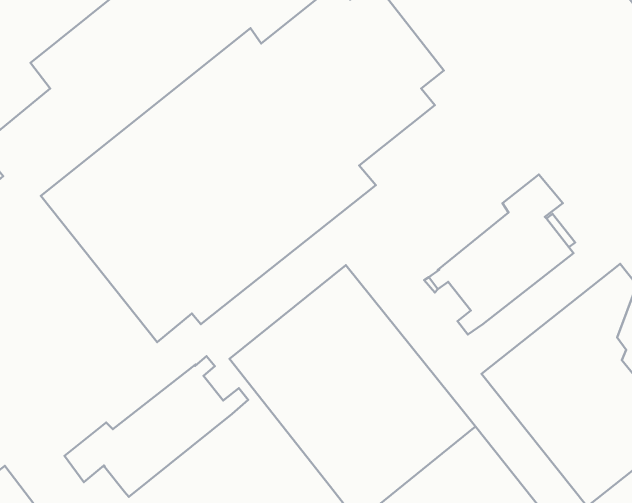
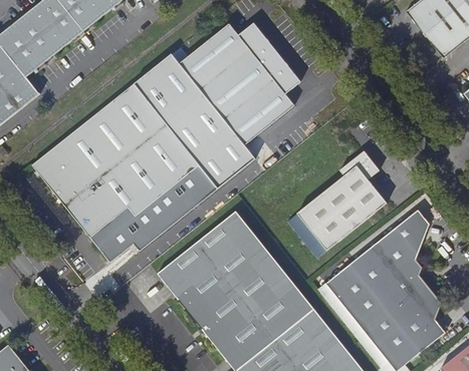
building: [65,356,248,497] -> none

